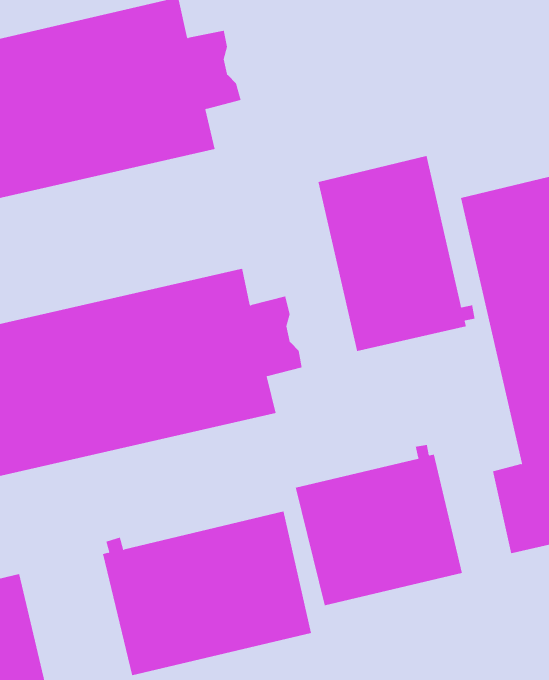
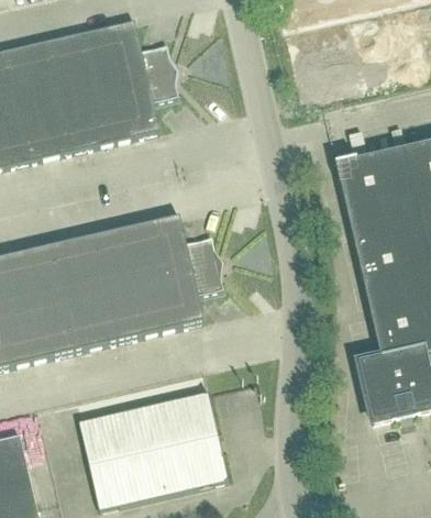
building: [318,155,475,352] -> none
building: [295,444,462,606] -> none

